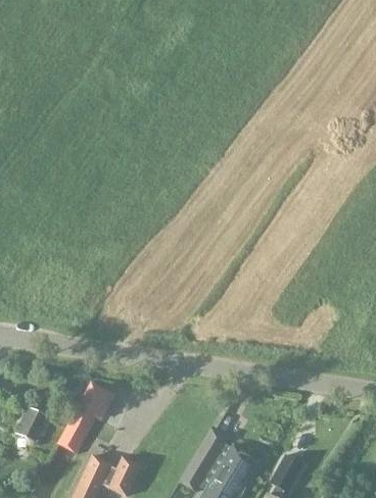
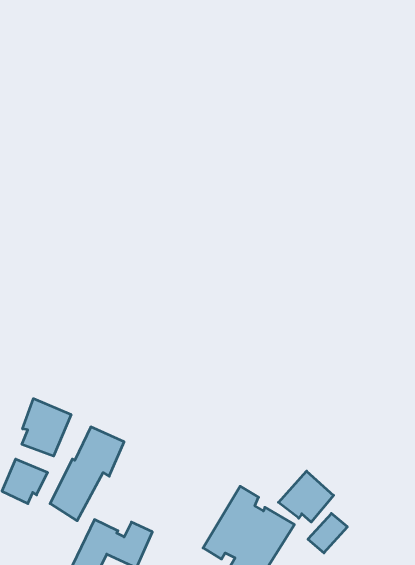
building: none -> [22,399,71,456]
building: none -> [278,471,334,522]

